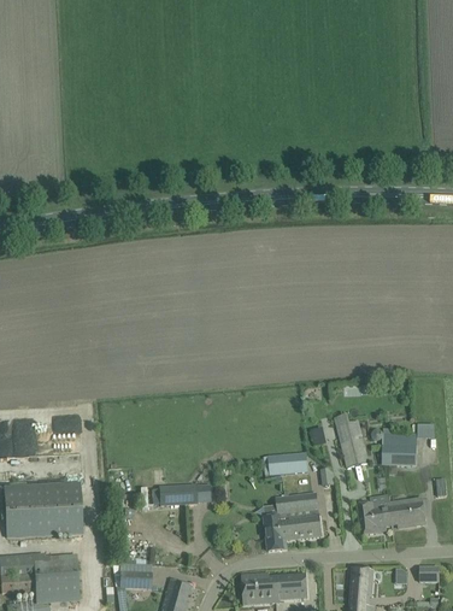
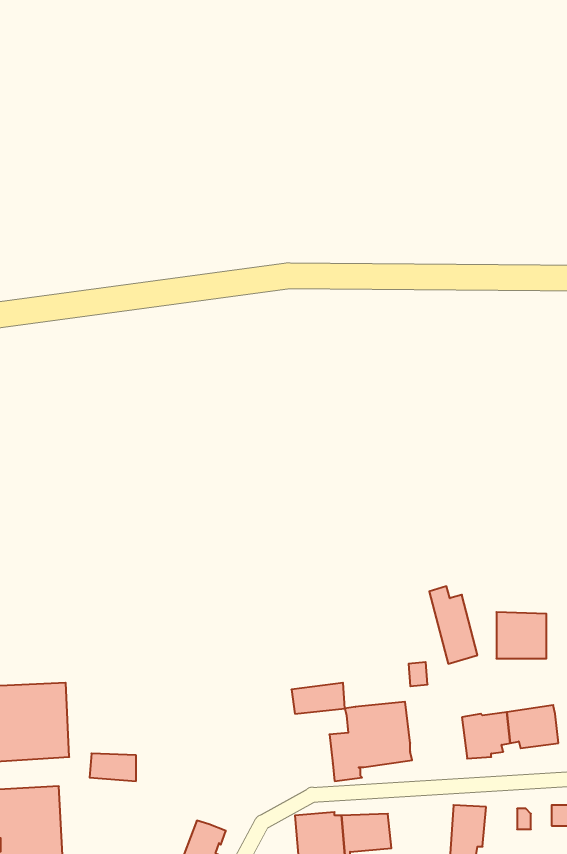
building: [269,451,306,472] -> [291,683,345,714]
building: [160,483,195,503] -> none
building: [119,570,152,589] -> [90,753,136,781]

